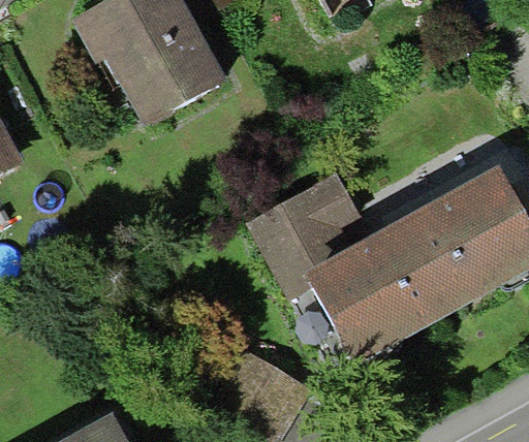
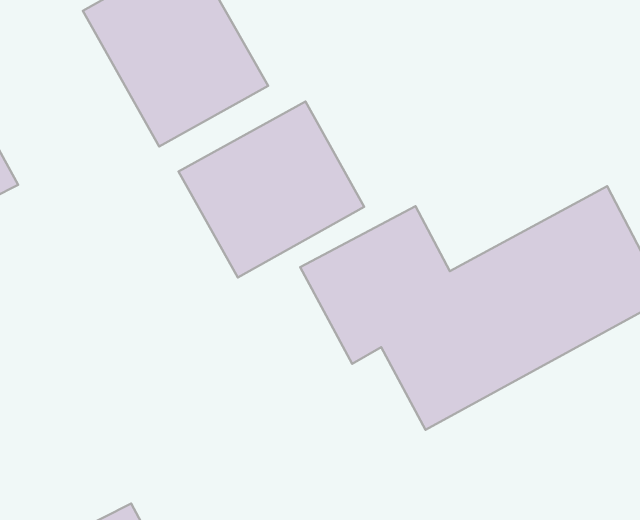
building: none -> [178,101,364,277]

